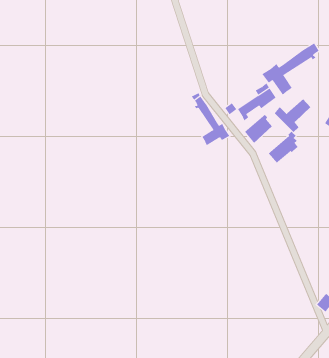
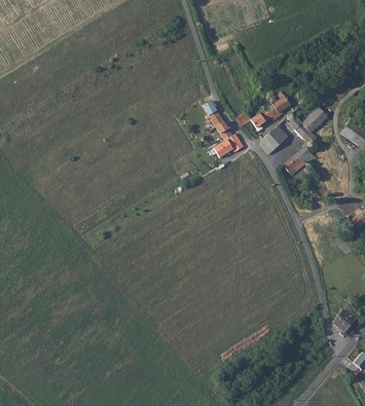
building: [261,43,320,96] -> none

